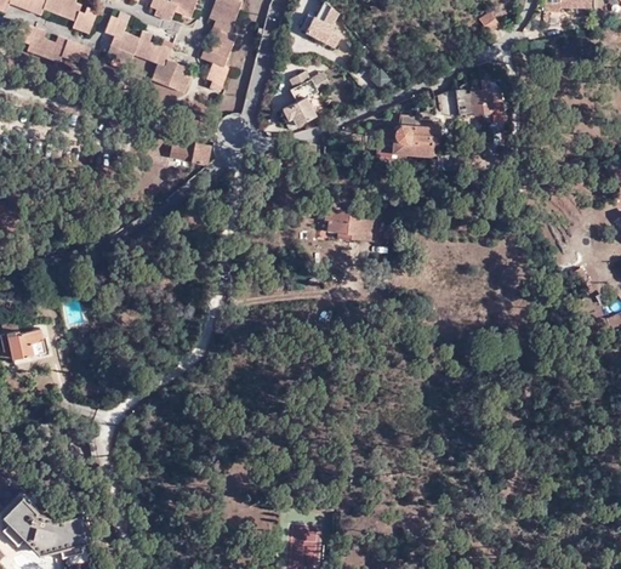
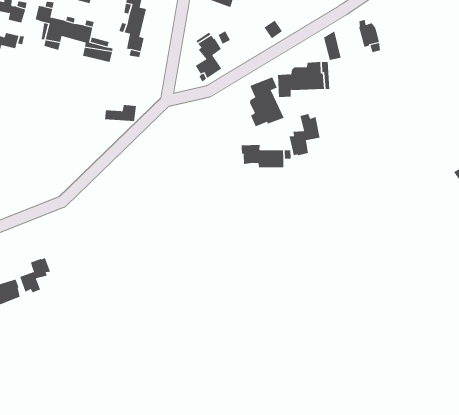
building: [456,85,484,118] -> none
building: none -> [249,76,285,127]
building: none -> [289,113,320,156]
building: none -> [19,257,51,293]

